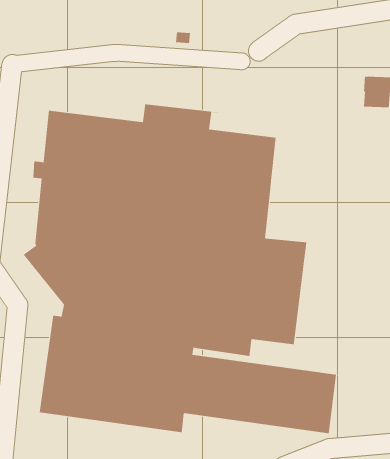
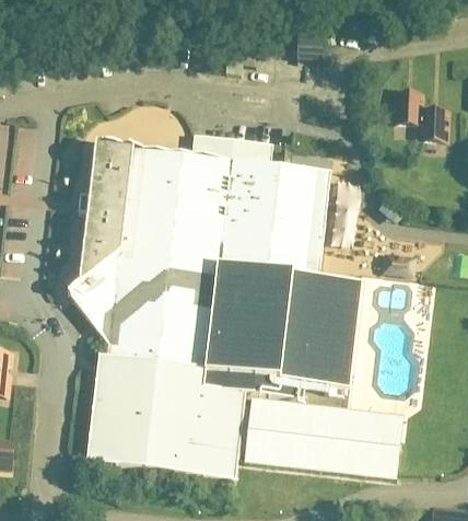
building: none -> [296,33,324,60]
building: none -> [395,91,423,124]

